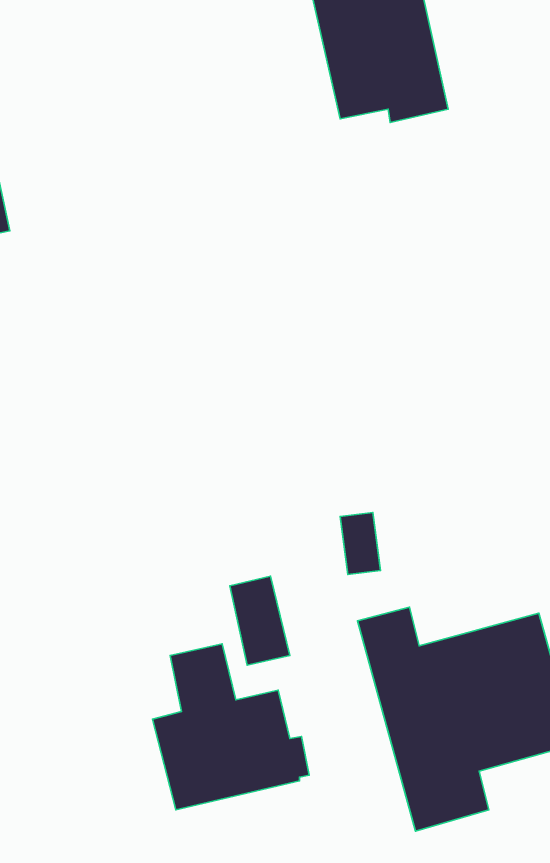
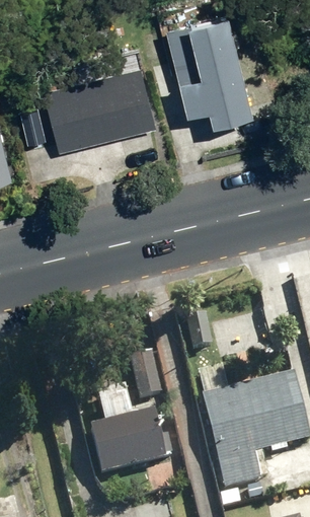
building: none -> [48,62,155,147]

